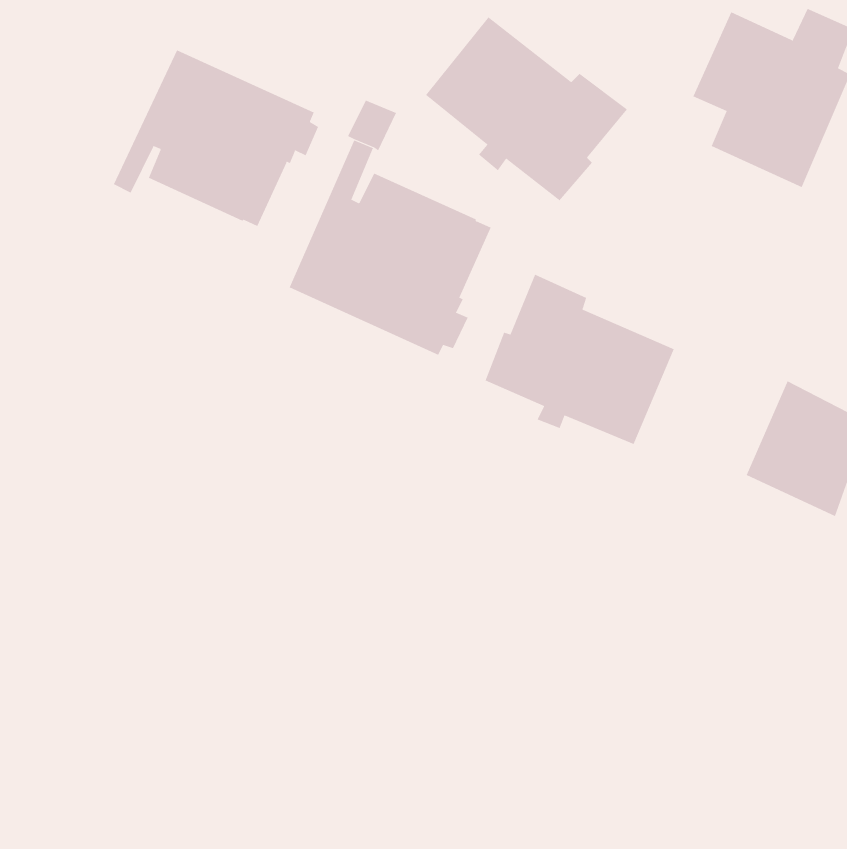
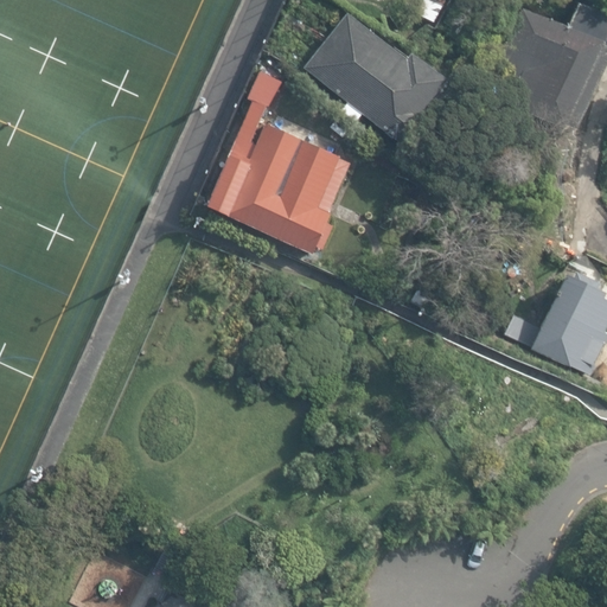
building: [113,49,319,227] -> none
building: [485,274,674,445] -> none

